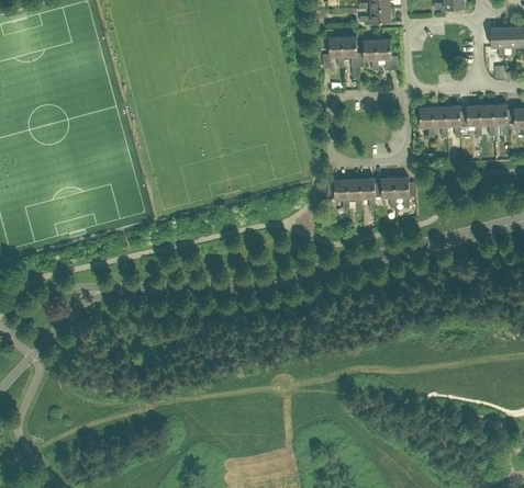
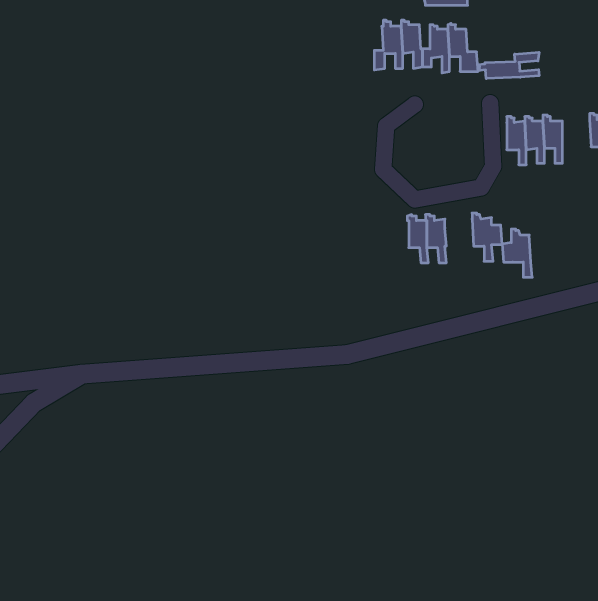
building: none -> [478,52,539,79]
building: [460,103,481,137] -> none
building: [375,174,397,209] -> [502,229,532,277]
building: [327,177,349,212] -> none

